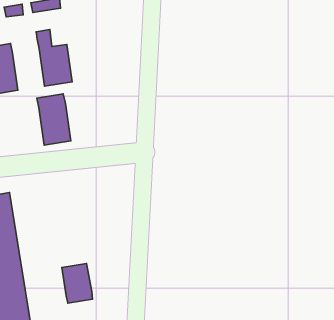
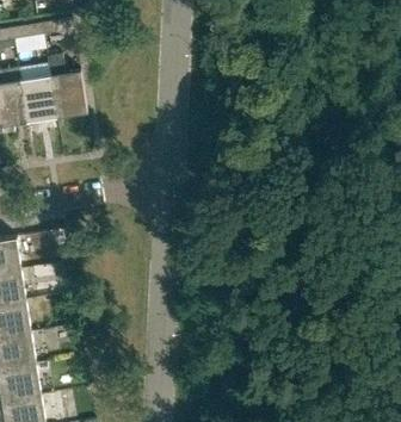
building: [37,94,71,145] -> [16,64,54,122]
building: [62,264,93,303] -> none

